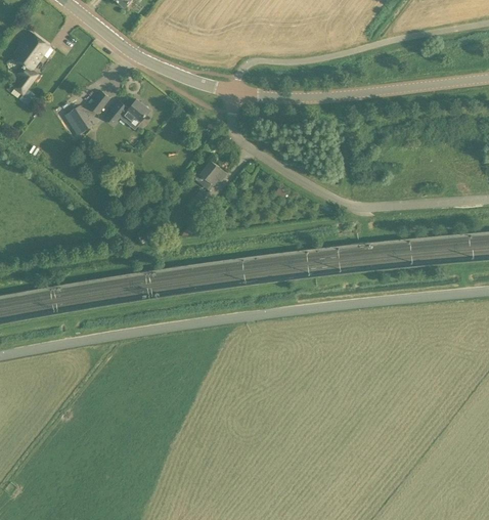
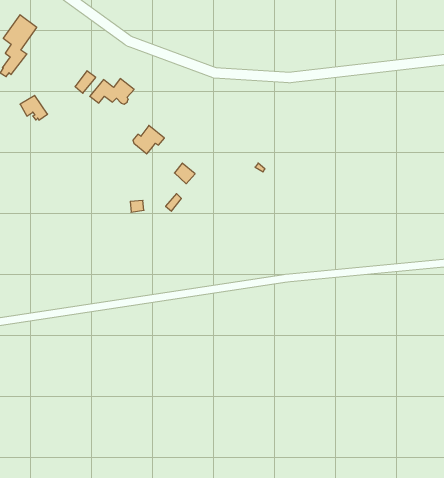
building: [64,104,93,130] -> [20,95,48,120]
building: [194,160,227,189] -> [133,125,164,154]

